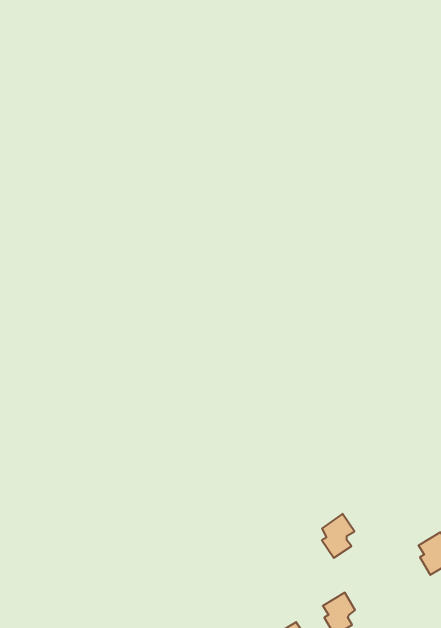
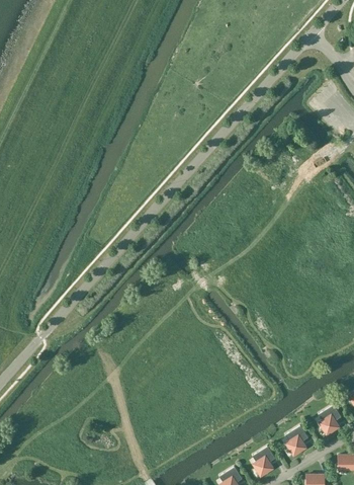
building: [322,514,354,558] -> [286,426,308,457]

